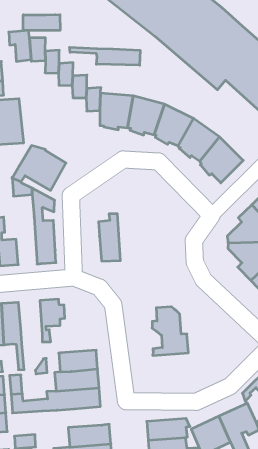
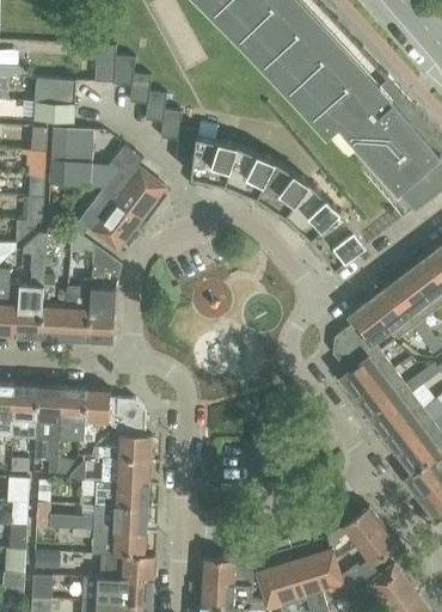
building: [23,15,60,30] -> none
building: [70,47,140,65] -> none
building: none -> [102,145,166,219]
building: [99,214,120,261] -> [66,281,93,342]
building: none -> [57,387,87,441]
building: [152,307,188,355] -> [105,398,152,460]
building: none -> [72,528,147,556]

